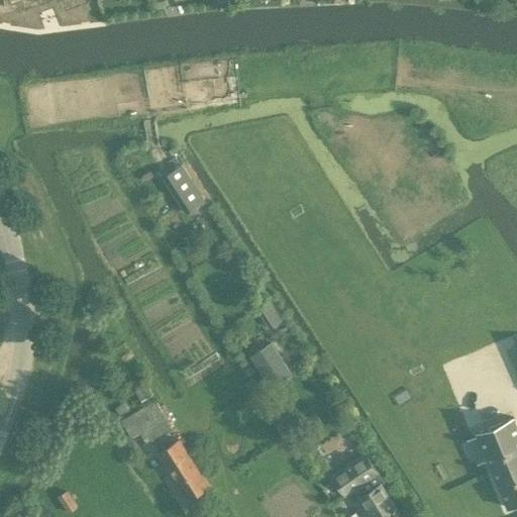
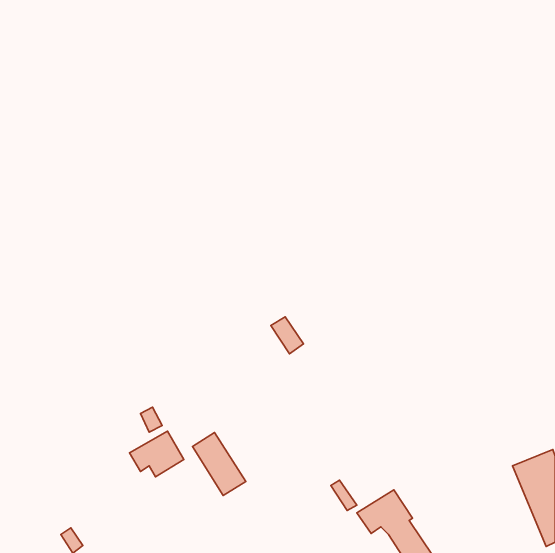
building: [161,167,205,216] -> none
building: [249,344,291,389] -> none
building: [159,442,208,501] -> [193,432,246,496]

